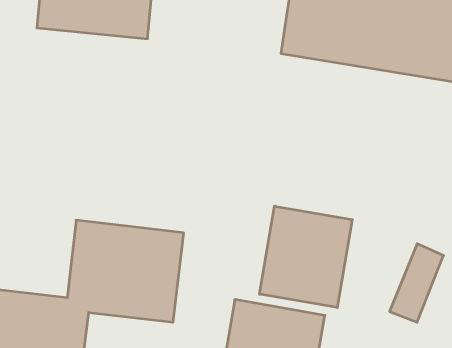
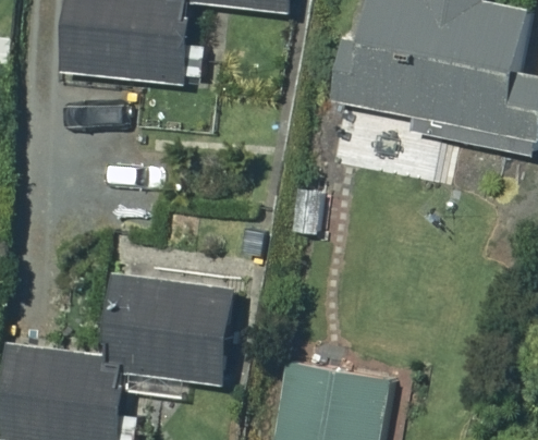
building: [260,206,352,308] -> none

